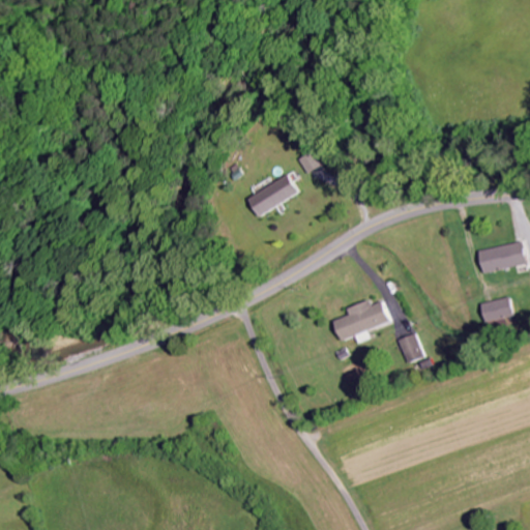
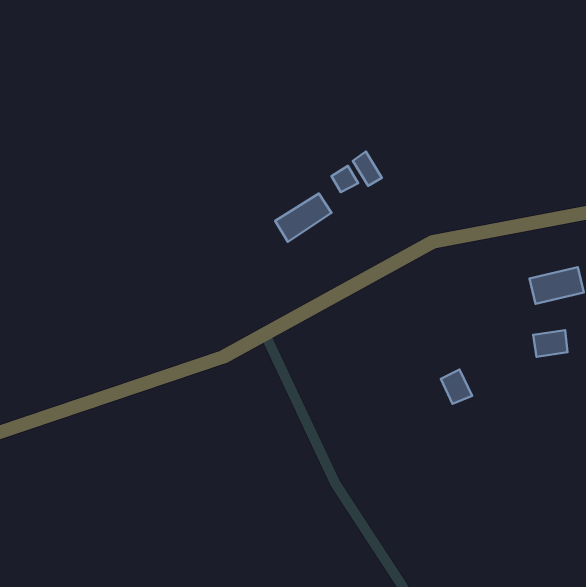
building: none -> [353,151,382,186]
building: [334,299,390,341] -> none

